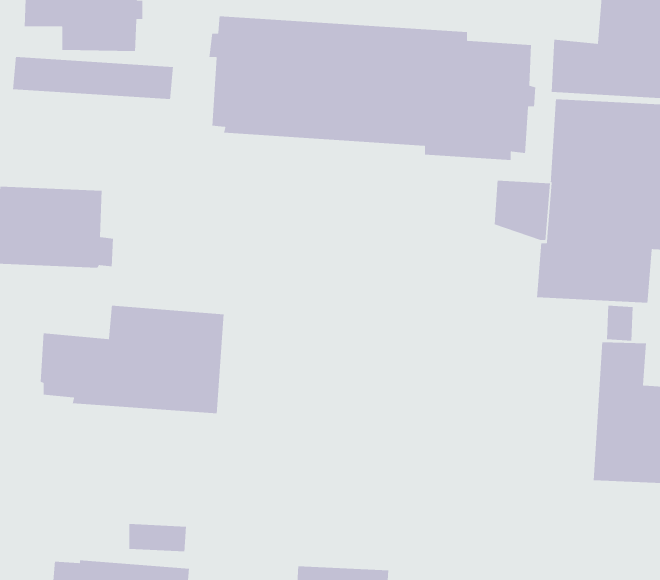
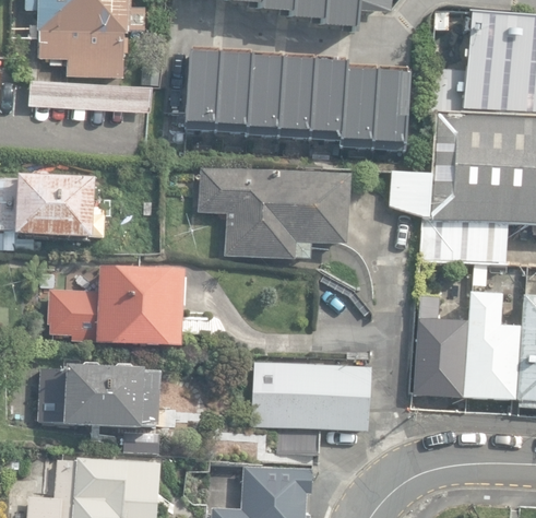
building: none -> [199,168,350,260]
building: none -> [413,295,467,398]
building: none -> [39,354,164,428]
building: none -> [251,358,371,454]

